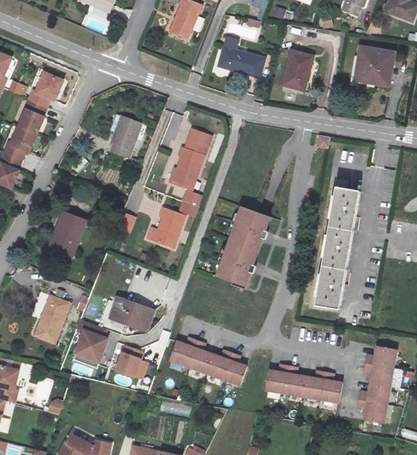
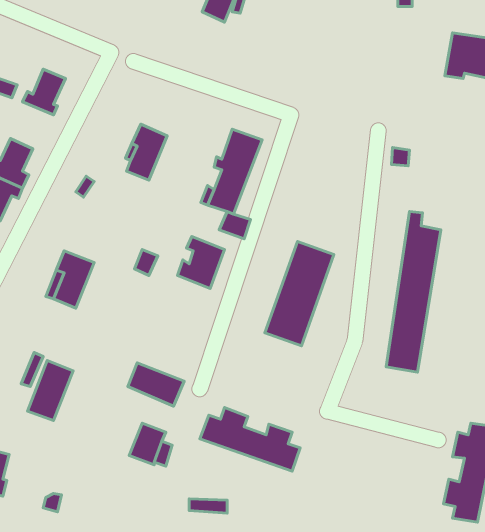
building: [218,43,264,74] -> none
building: [280,49,312,90] -> none
building: [23,100,56,136] -> none
building: [77,321,107,360] -> none
building: [263,362,340,402] -> none

